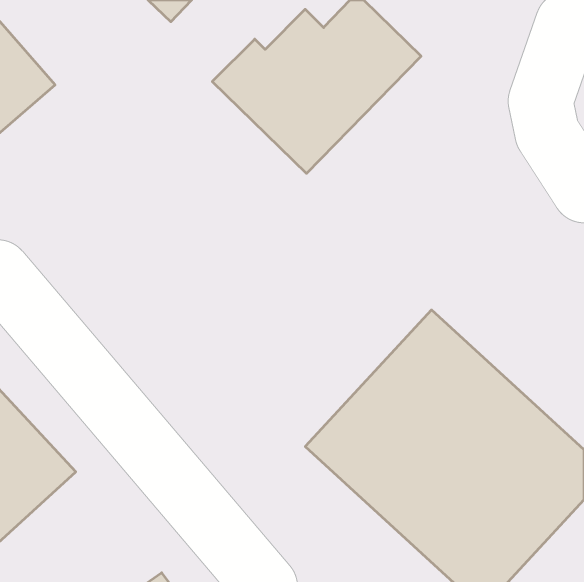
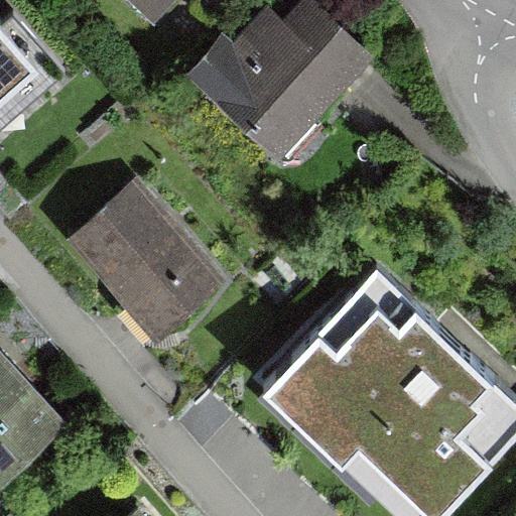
building: none -> [71,184,222,342]

